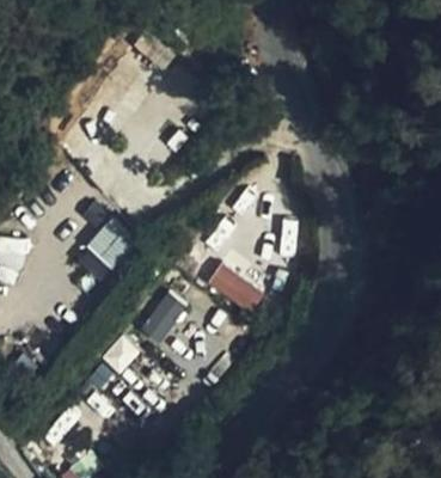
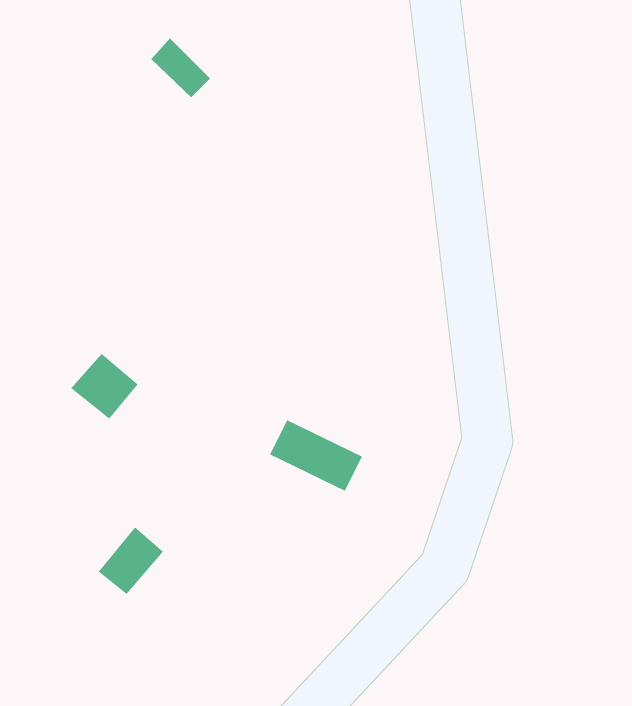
building: [140,292,189,345] -> none

